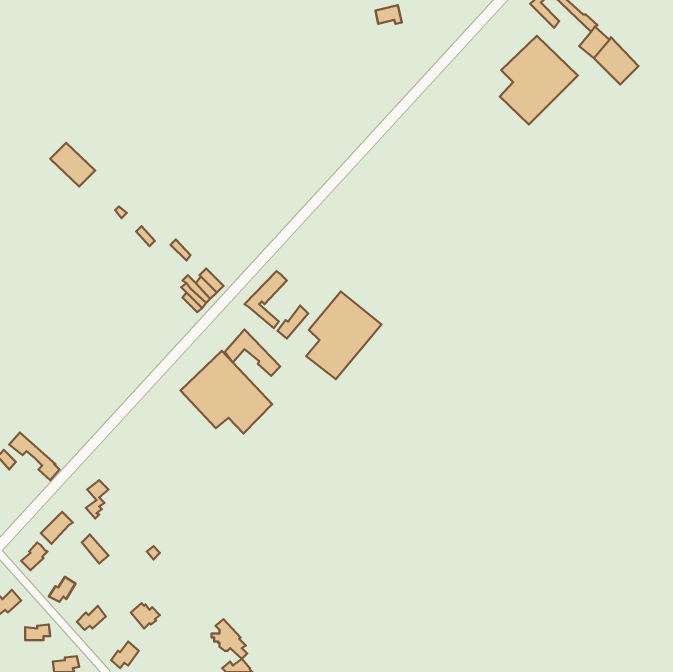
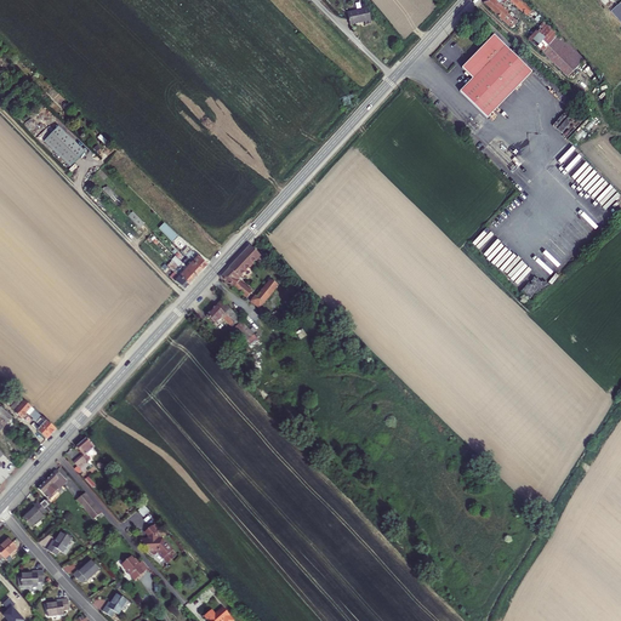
building: [306,291,381,379] -> none
building: [181,351,272,433] -> none
building: [212,619,247,659] -> [139,523,172,559]

